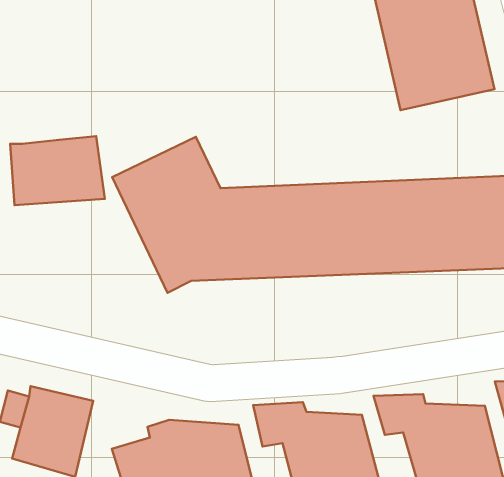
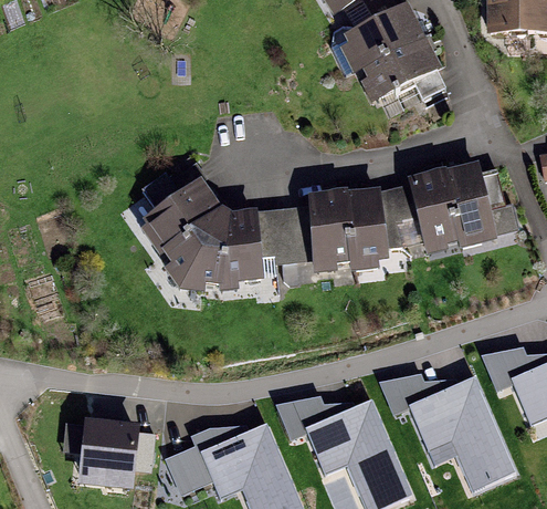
building: [10,136,105,205] -> none

